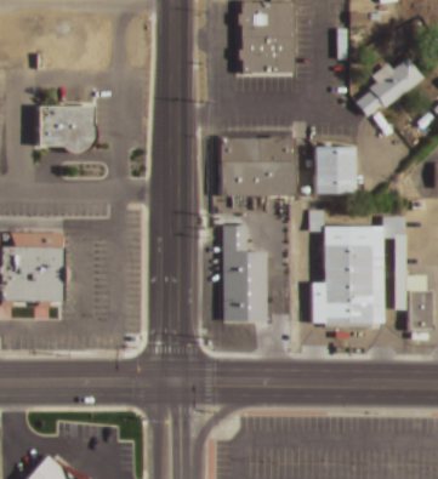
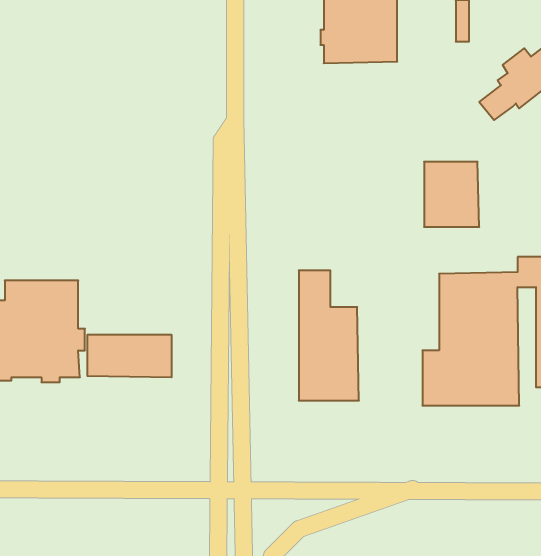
building: [36,107,95,154] -> none
building: [218,137,292,196] -> none
building: none -> [87,335,171,377]

